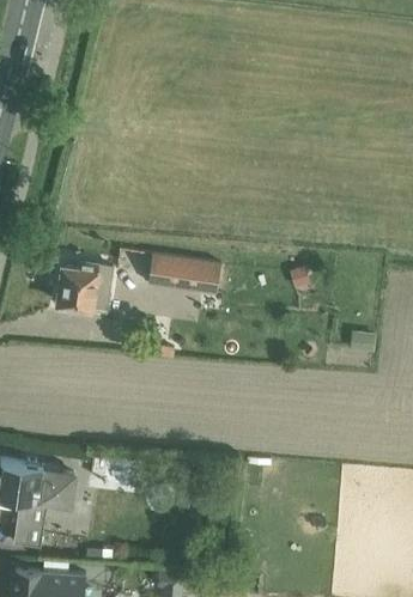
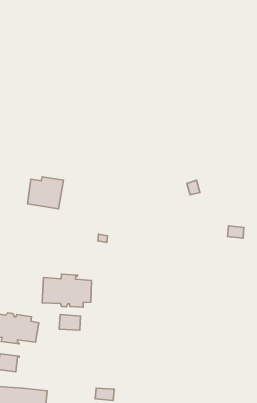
building: [146,254,219,293] -> none
building: none -> [42,274,92,307]

